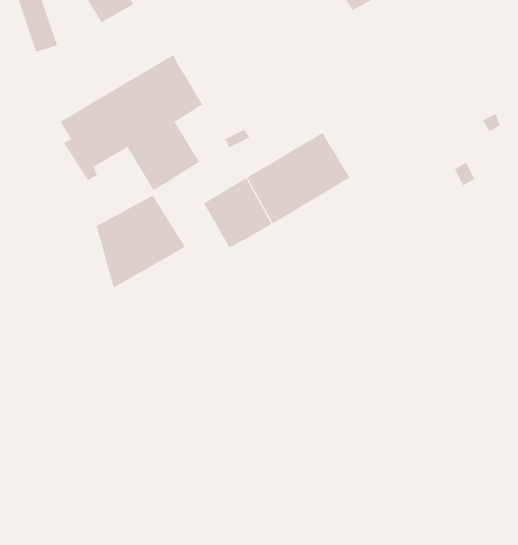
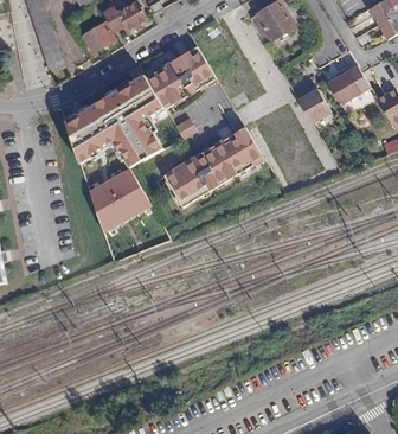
building: none -> [145,46,216,107]
building: none -> [327,64,370,104]
building: none -> [296,88,329,122]

